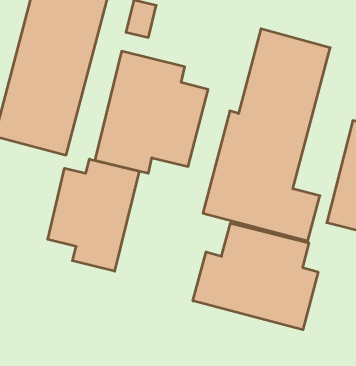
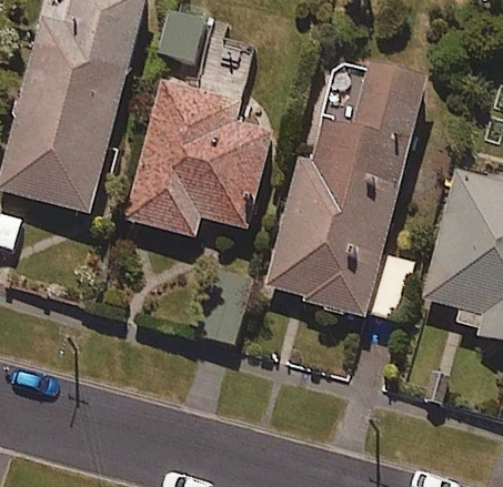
building: [48,159,139,271] -> none
building: [193,223,318,330] -> none

